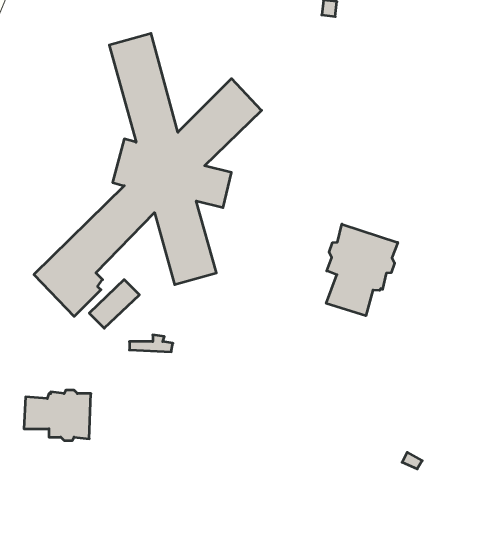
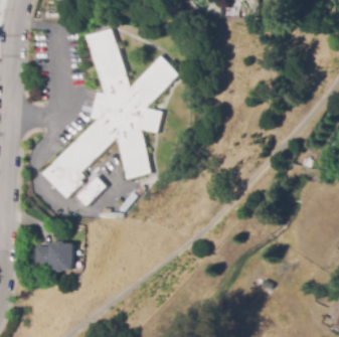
building: [326,224,398,316] -> none

